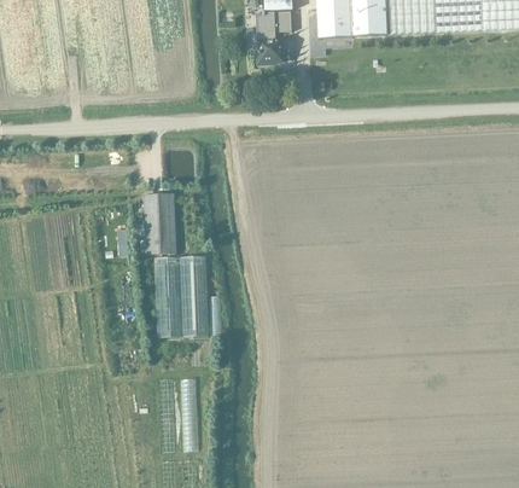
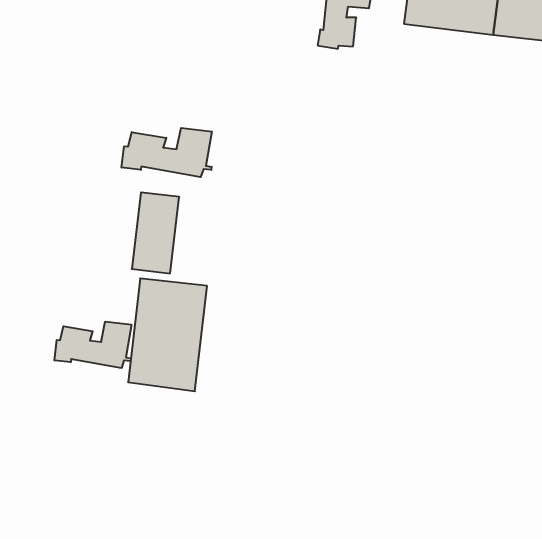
building: none -> [122,128,212,177]
building: none -> [54,322,131,368]

